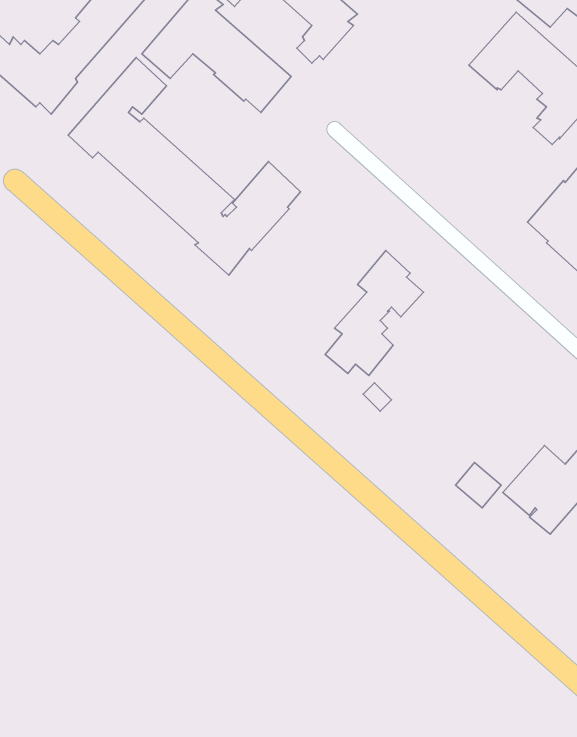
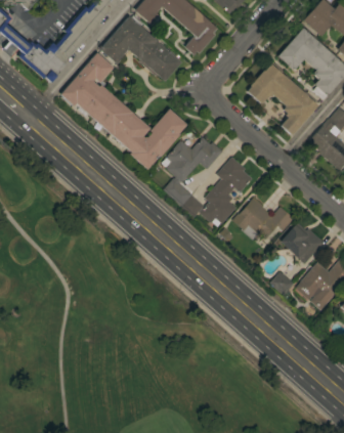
building: none -> [247,64,317,135]
building: none -> [162,137,223,218]
building: none -> [232,198,293,241]
building: none -> [280,222,325,264]

